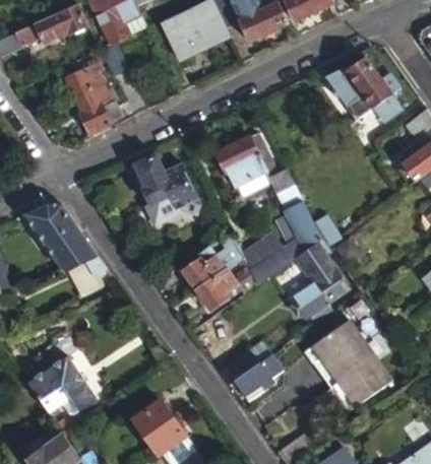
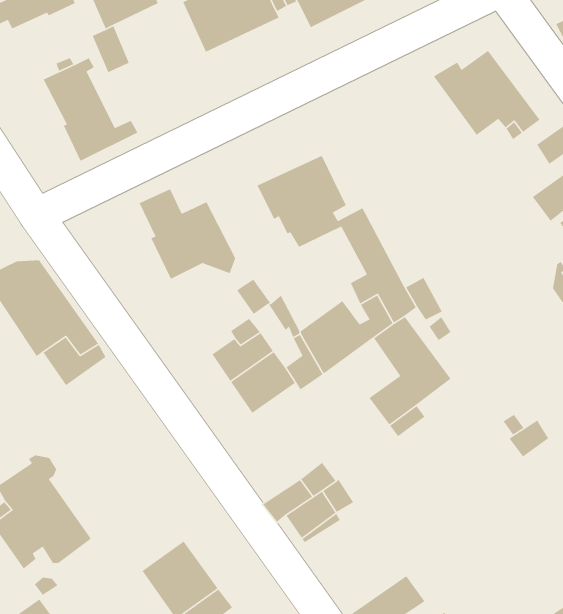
building: [311,320,390,406] -> none

